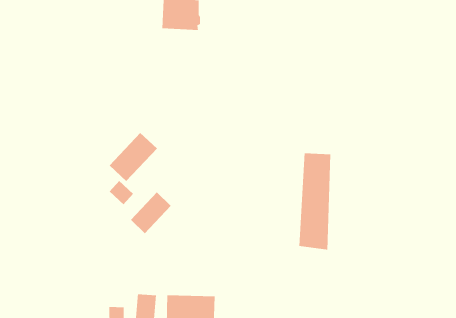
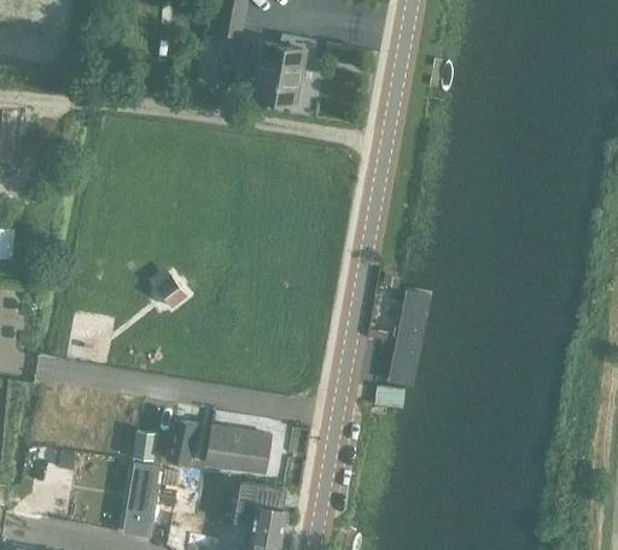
building: [109,132,158,182] -> none
building: [130,192,171,234] -> none

